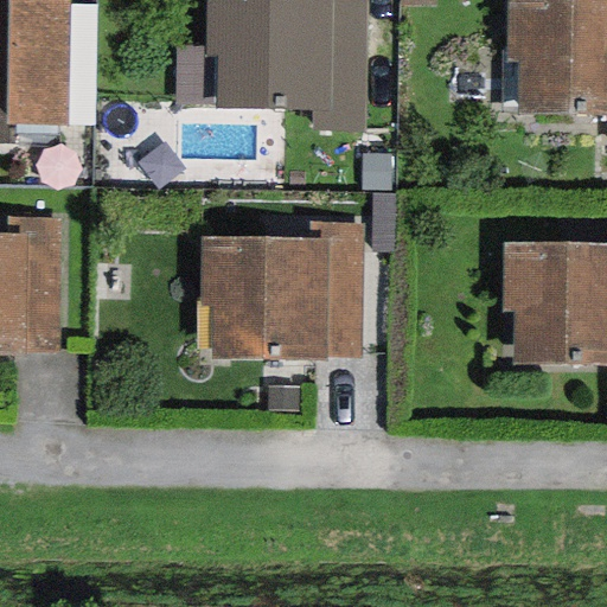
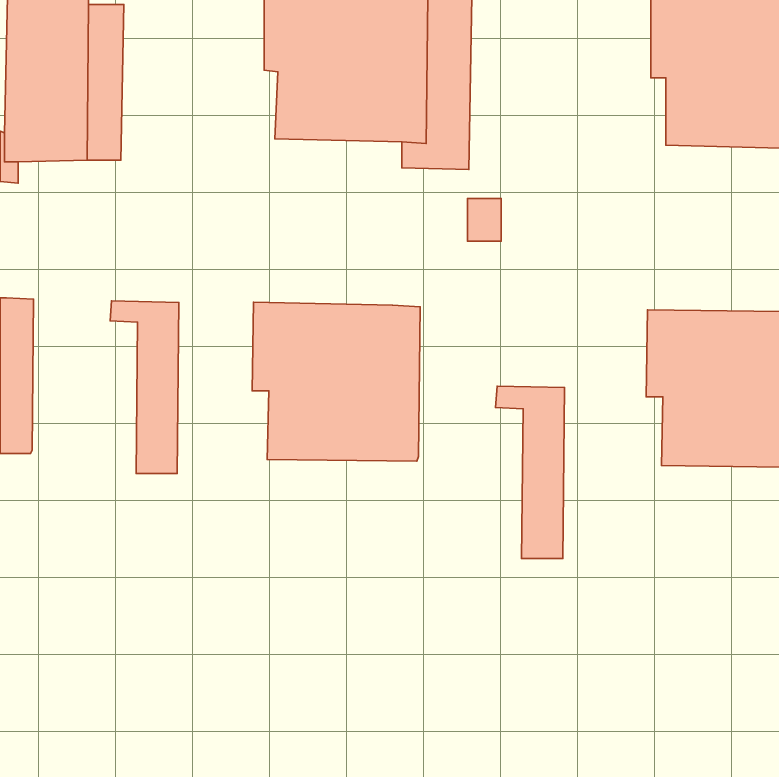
building: [6,216,59,350] -> [110,301,179,473]
building: [306,221,359,354] -> [496,386,564,559]

